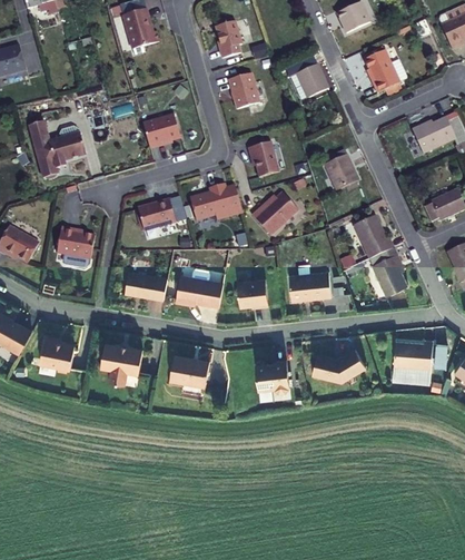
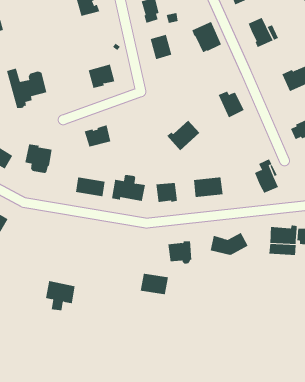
building: [250,143,278,177] -> none
building: [189,184,241,220] -> none
building: [355,214,394,258] -> none
building: [39,336,73,370] -> none
building: [100,342,142,384] -> [45,280,76,311]
building: [169,355,209,385] -> [140,273,169,295]

